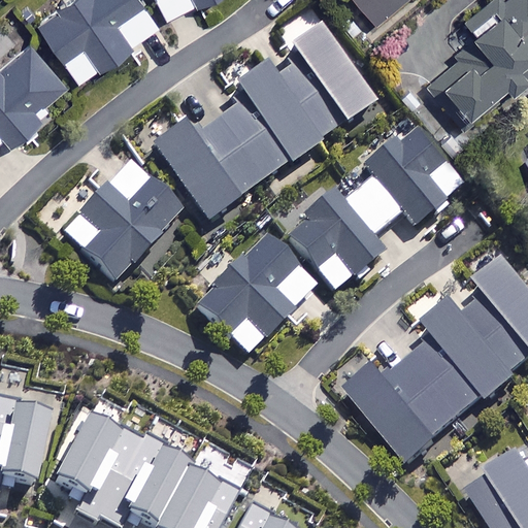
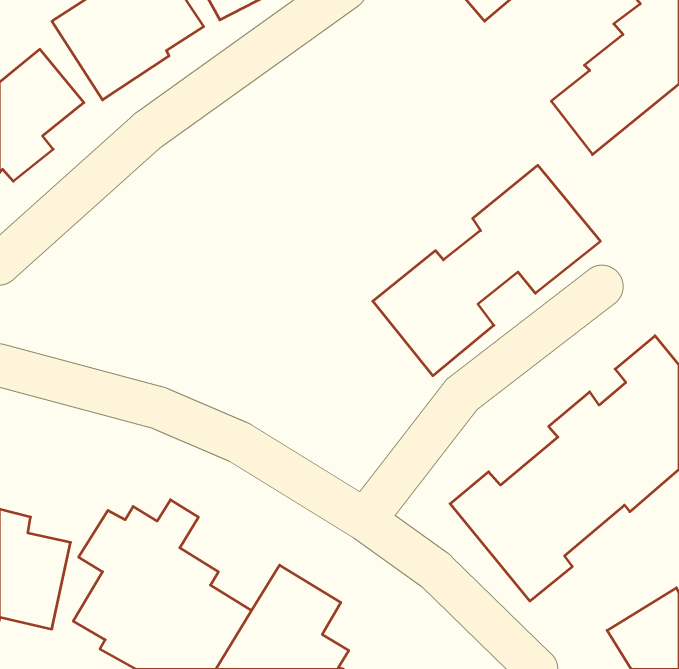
building: [154,26,381,224] -> none
building: [63,160,179,276] -> none
building: [200,236,318,355] -> none

